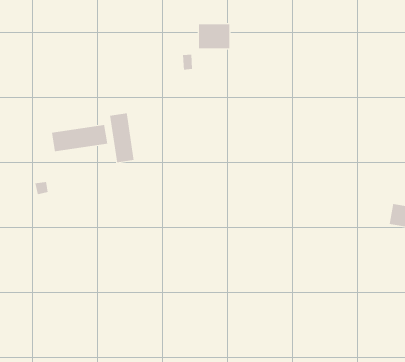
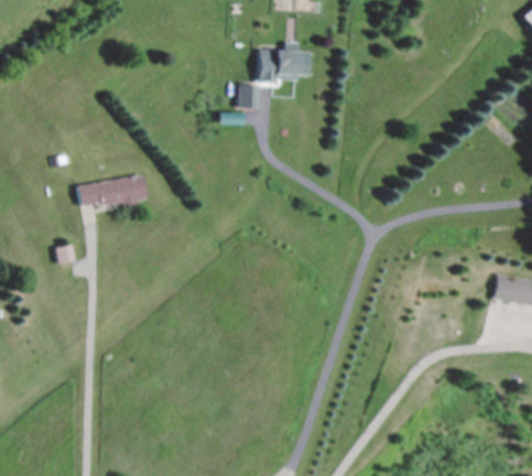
building: [110,113,134,163] -> none

